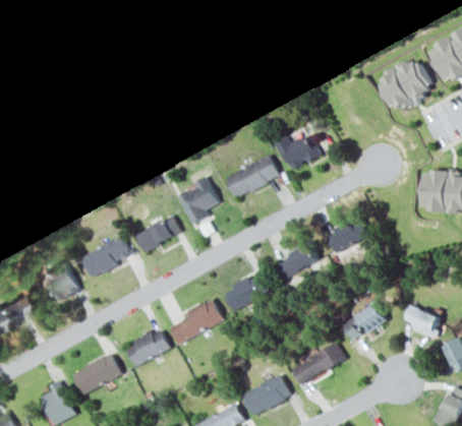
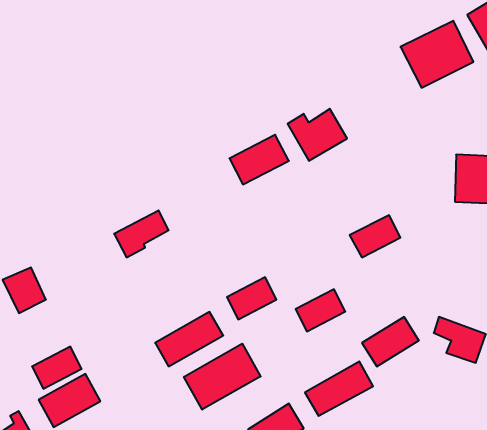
building: [179,176,220,226] -> none
building: [85,239,128,277] -> none
building: [280,244,321,279] -> [296,289,345,331]
building: none -> [184,344,261,410]
building: [130,327,171,362] -> [32,347,82,389]

